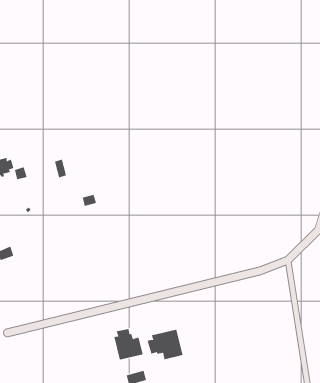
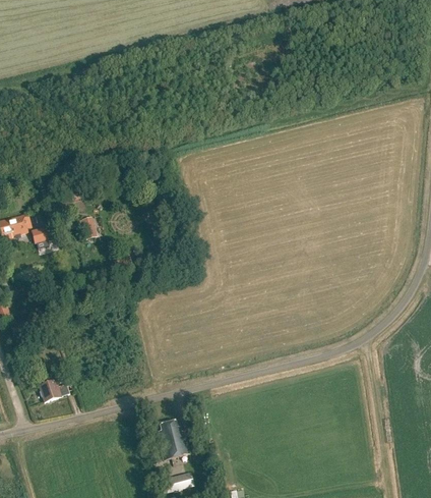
building: none -> [40,379,70,401]
building: [147,329,183,360] -> none

